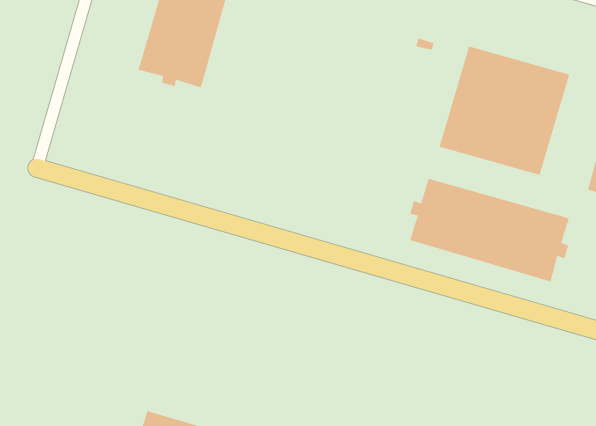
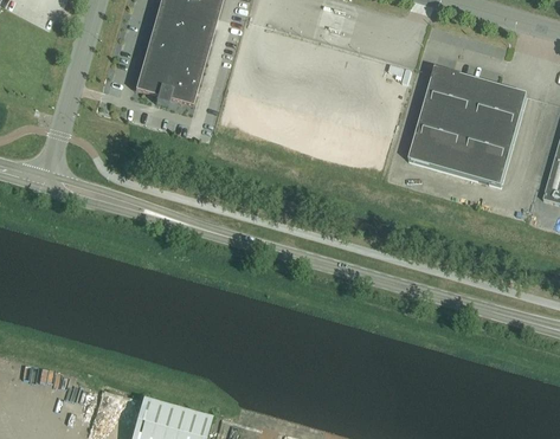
building: [409,178,570,282] -> none

